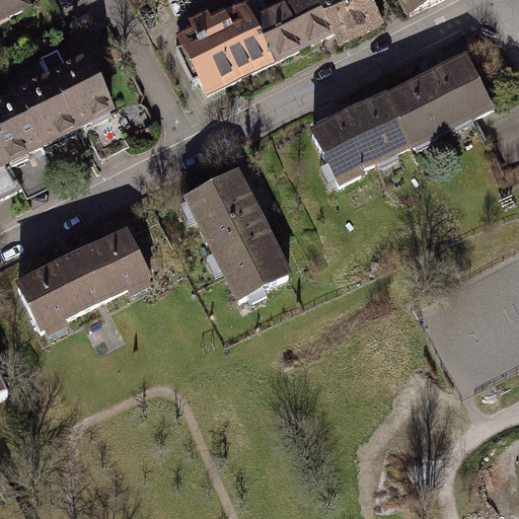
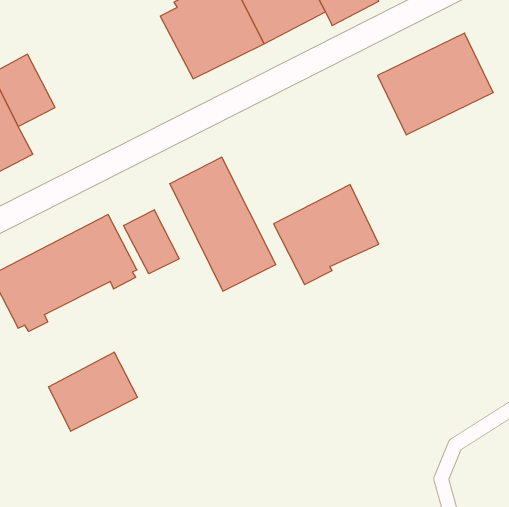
building: [39,45,114,122] -> none
building: [310,91,411,187] -> [274,185,379,284]
building: none -> [124,210,179,274]
building: none -> [49,352,137,431]

